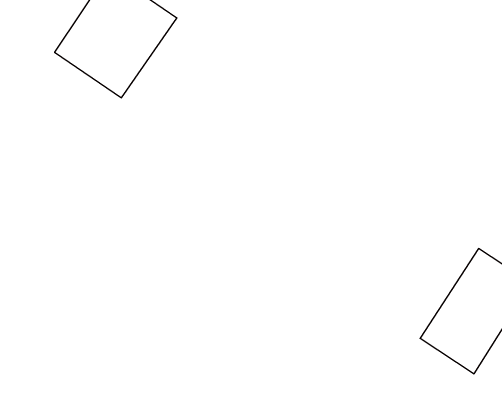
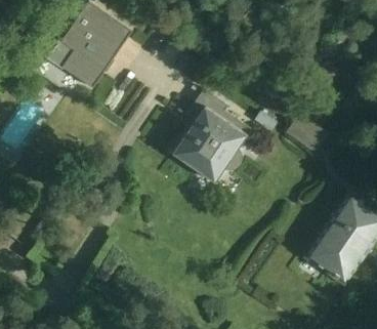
building: none -> [172,105,247,180]

